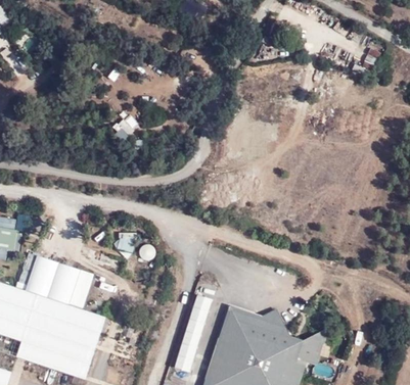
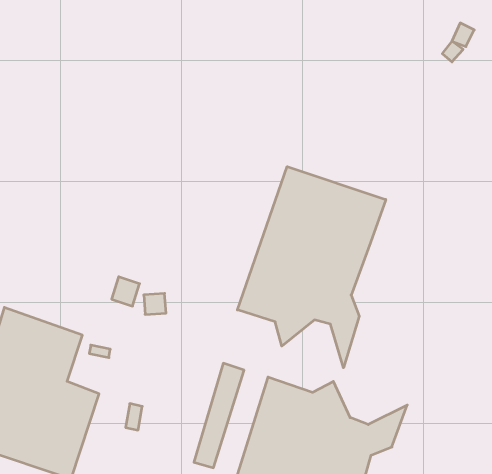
building: none -> [237,167,386,368]

